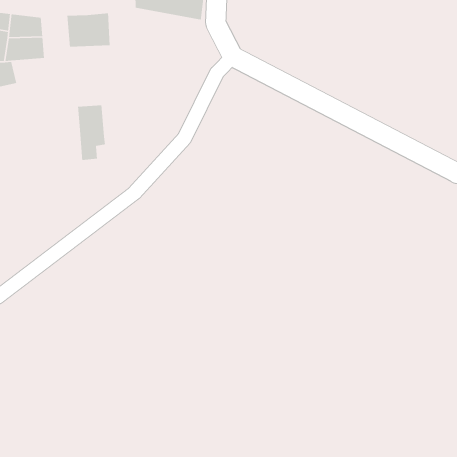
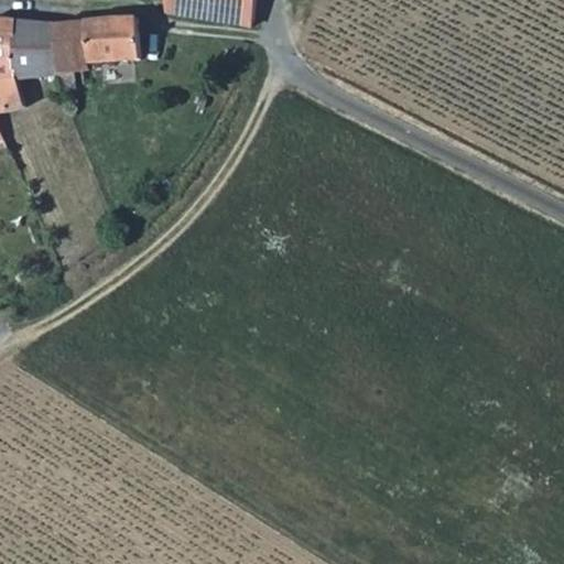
building: [77,104,106,161] -> [51,19,86,88]

